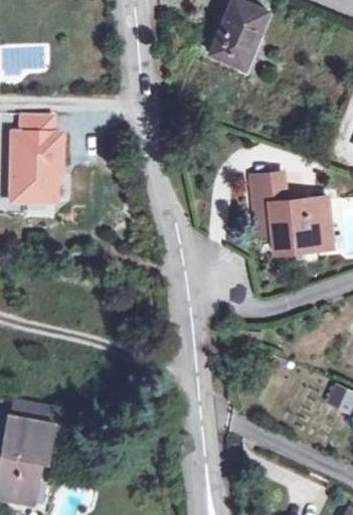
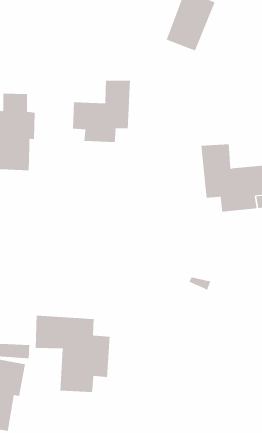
building: none -> [73,80,131,143]
building: none -> [35,315,110,393]

